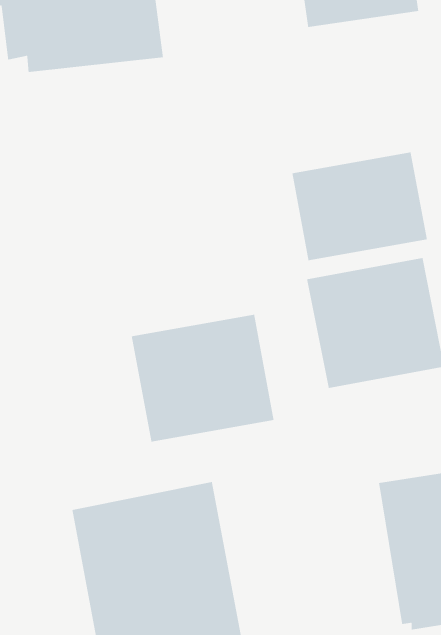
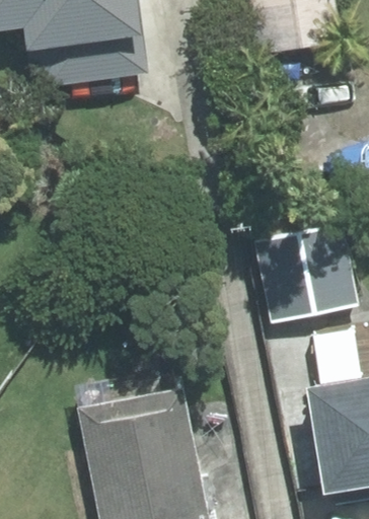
building: [291,151,428,261] -> none
building: [131,314,275,442] -> none

